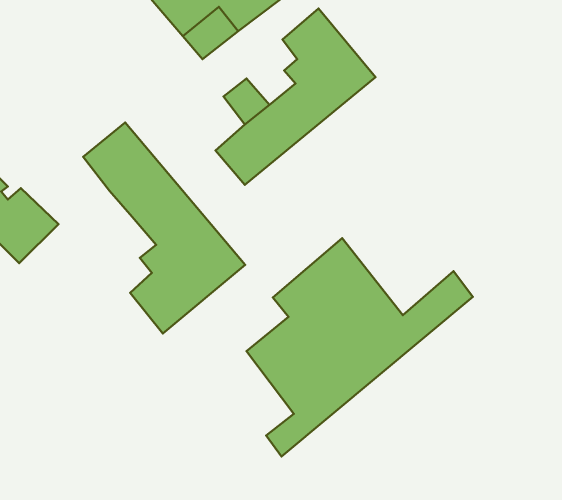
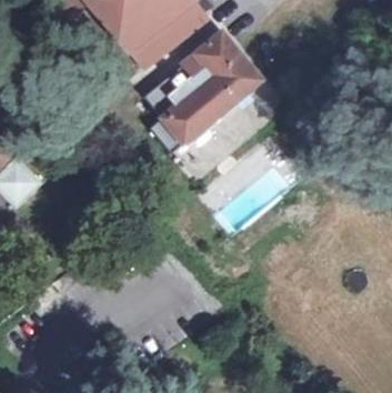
building: [83,122,245,333] -> none
building: [246,238,473,456] -> none

